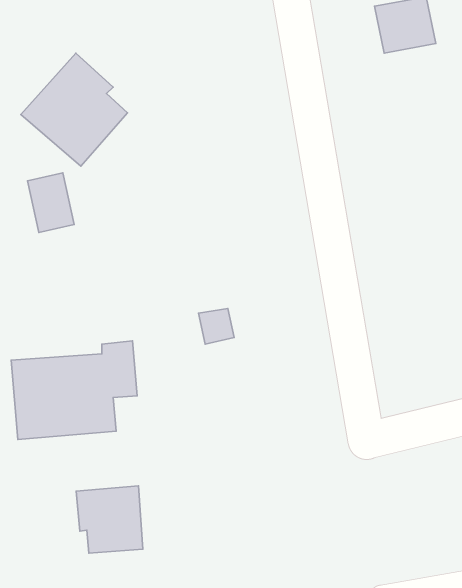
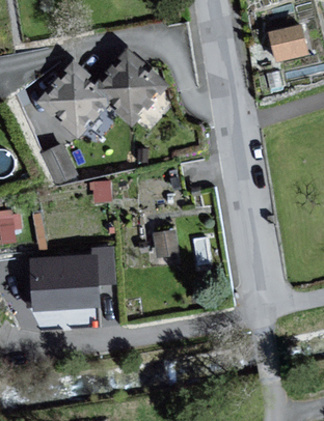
building: none -> [94,54,165,123]
building: [76,486,143,553] -> none

